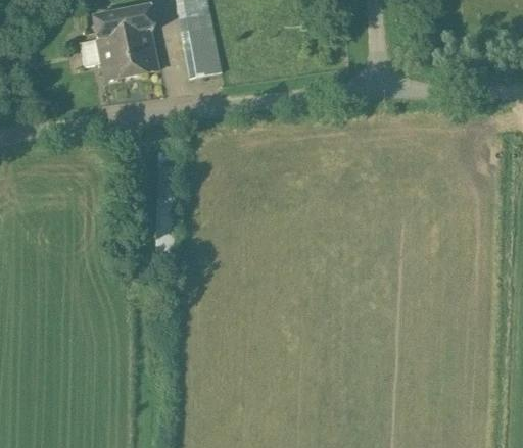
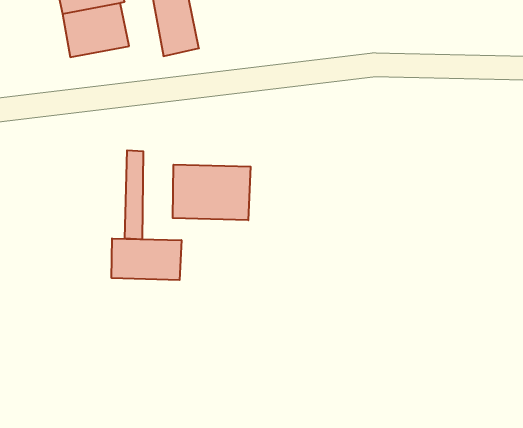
building: none -> [173,165,251,220]
building: none -> [112,238,181,280]

